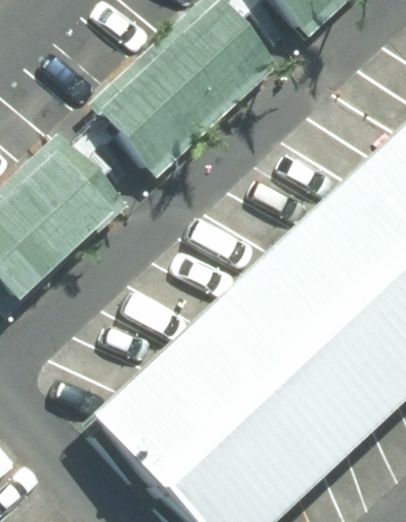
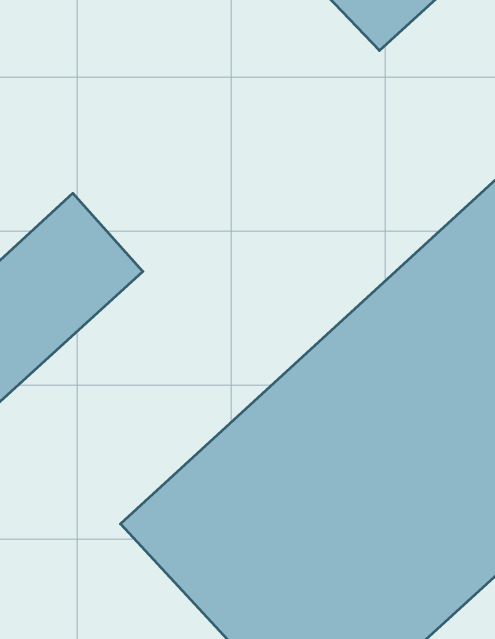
building: [93,10,260,174] -> none

